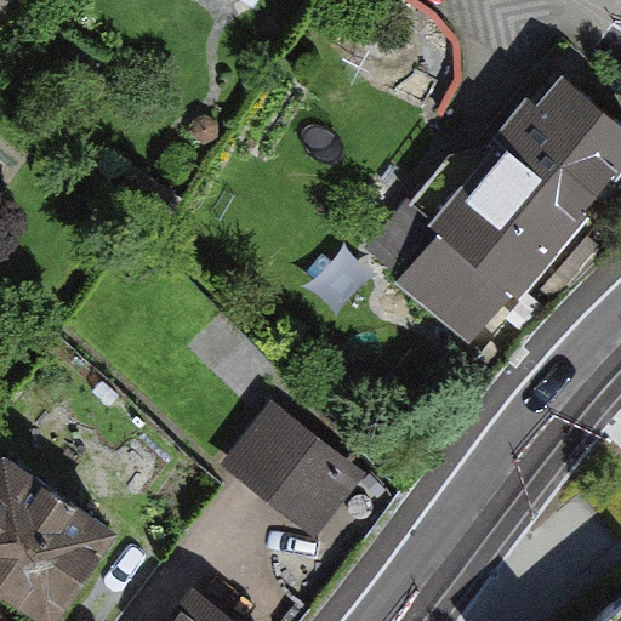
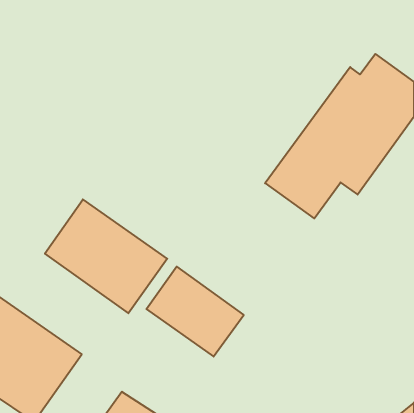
building: none -> [45,199,167,313]

